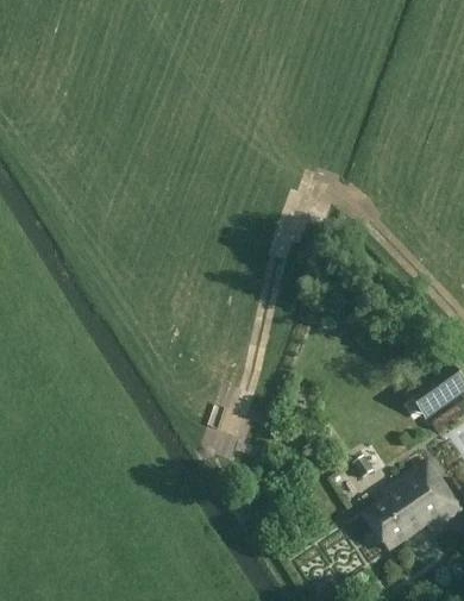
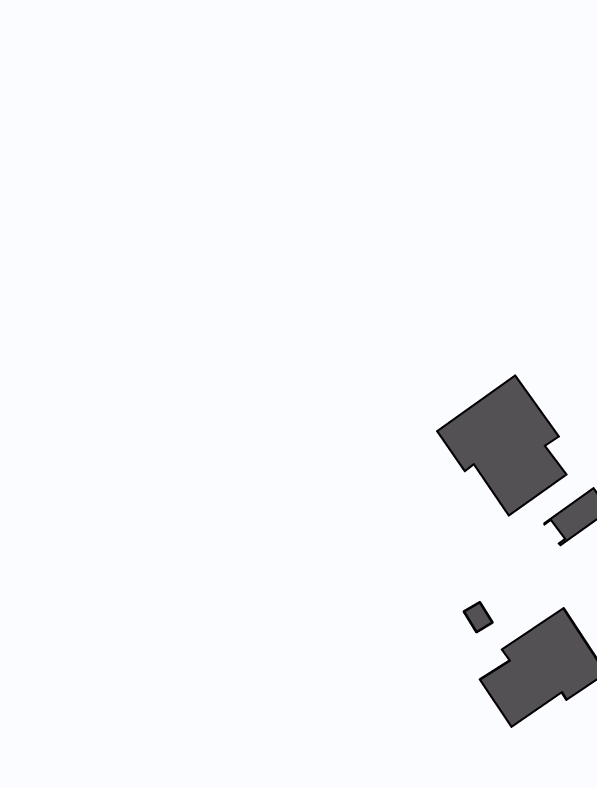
building: none -> [437,375,566,515]

